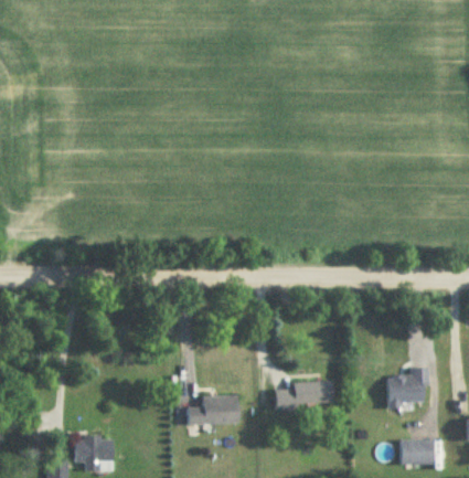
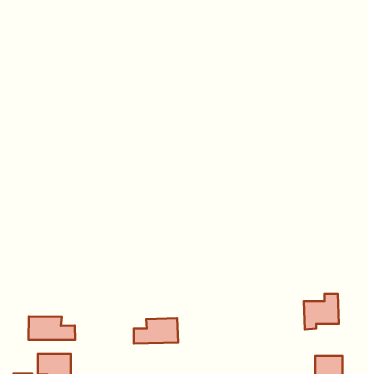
building: [274,380,332,407] -> none
building: none -> [28,317,75,340]

